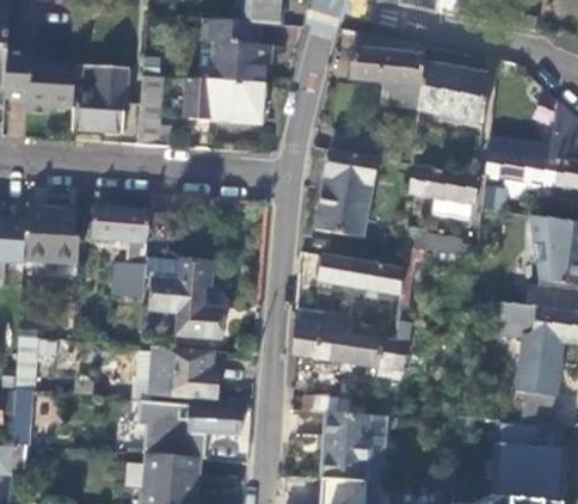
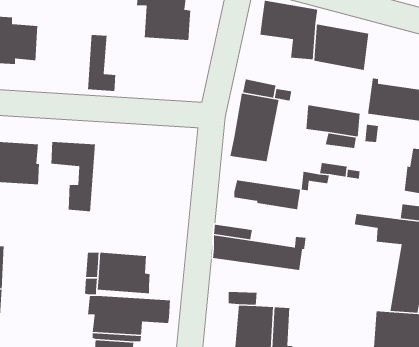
building: [73,67,124,134] -> none
building: [185,81,264,125] -> none
building: [146,214,222,339] -> none

